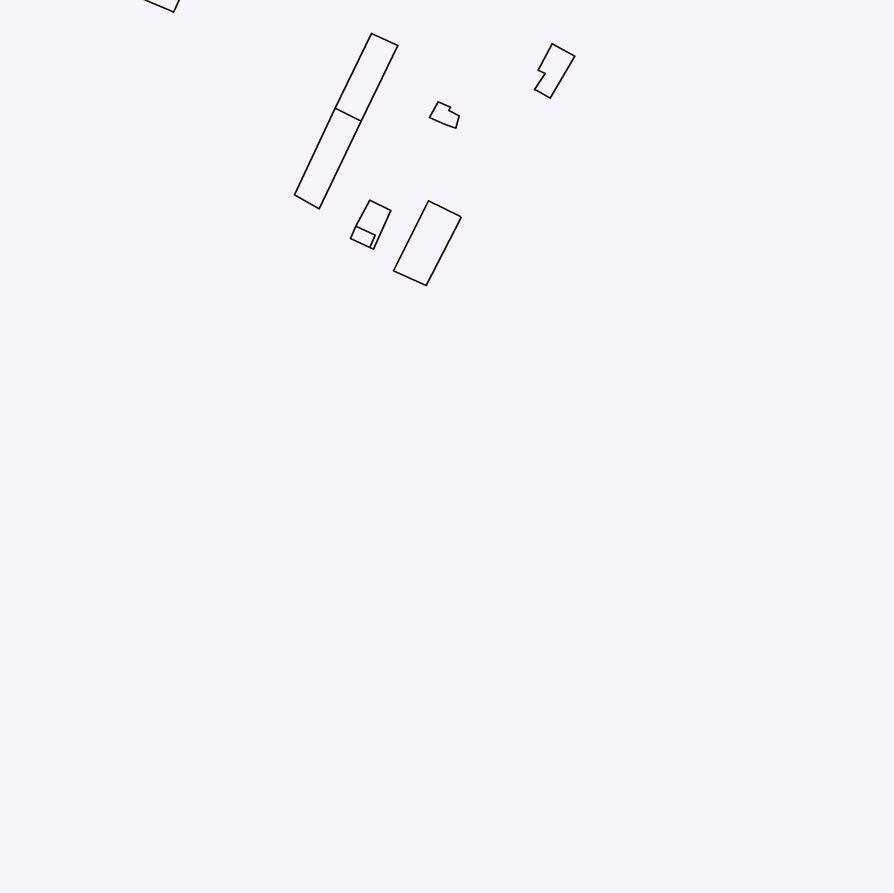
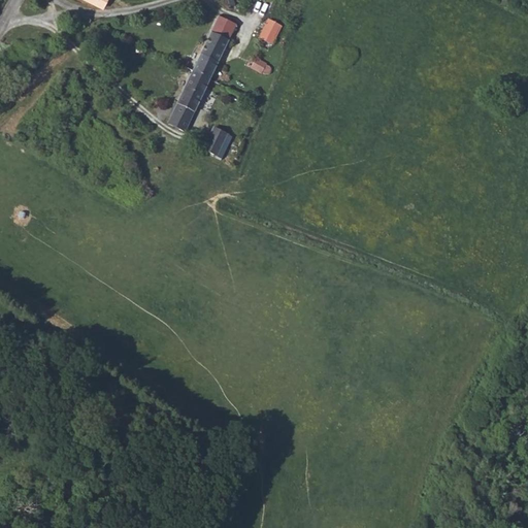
building: [535,44,575,98] -> [257,19,280,51]
building: [393,201,461,285] -> none

